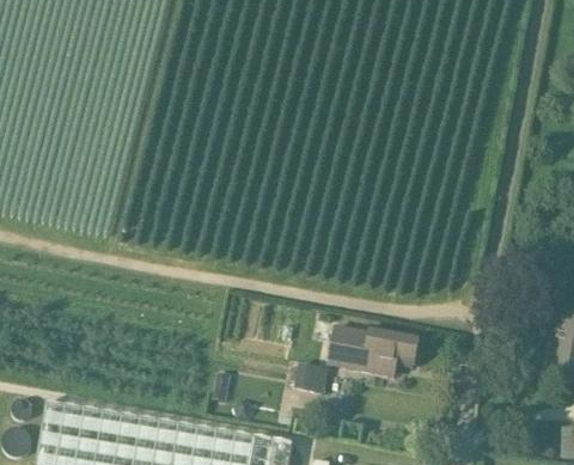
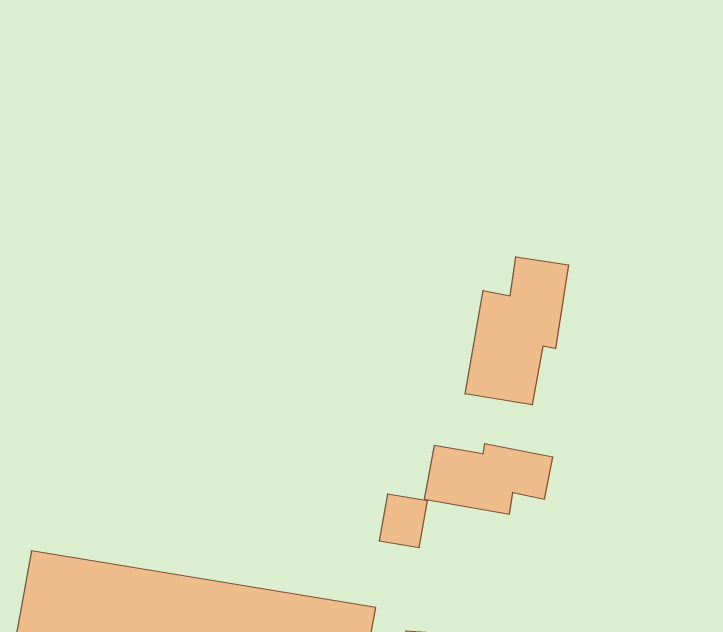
building: none -> [465,257,569,405]

